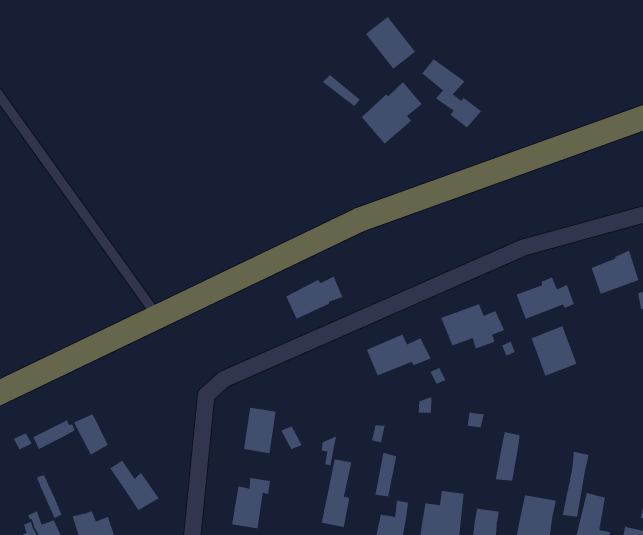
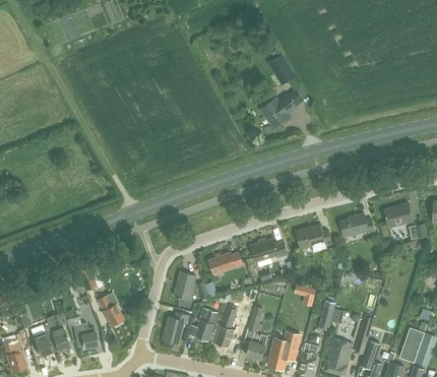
building: [421,58,482,128] -> none
building: [285,275,343,320] -> [209,251,243,274]
building: [530,325,577,377] -> none
building: none -> [195,309,217,341]

